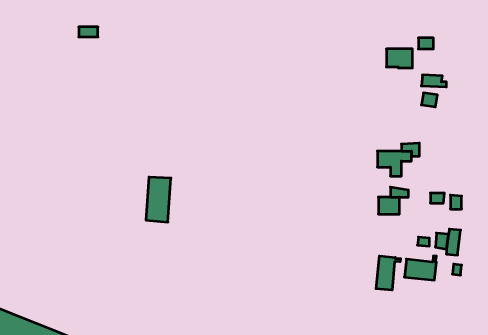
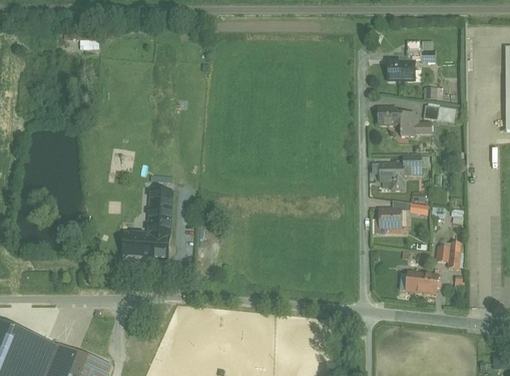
building: none -> [377,107,430,136]
building: none -> [121,231,168,268]
building: [376,256,401,290] -> none

